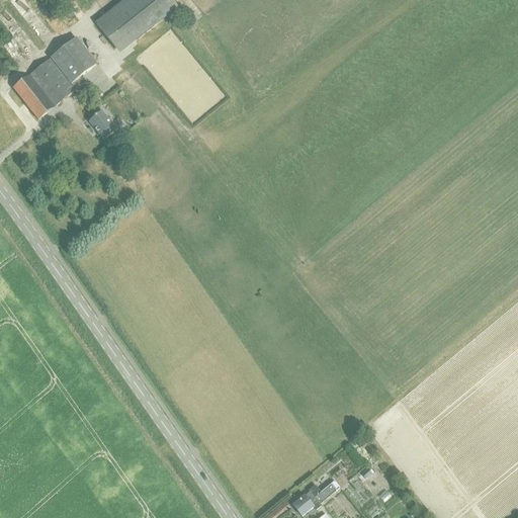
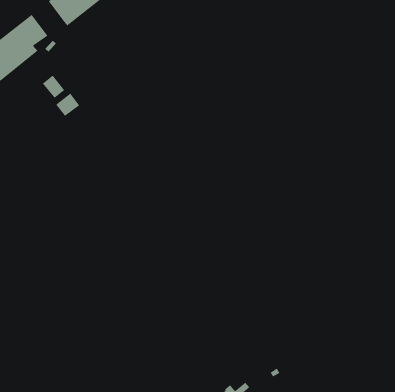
building: none -> [55,93,80,117]

